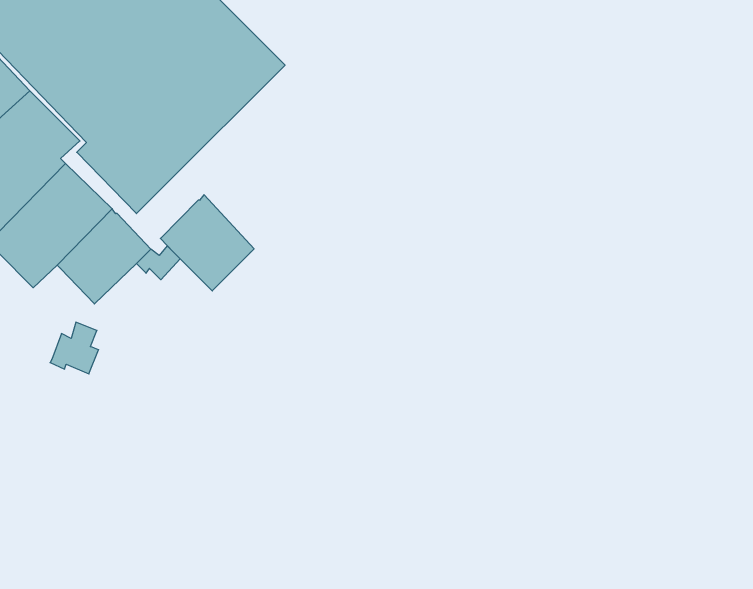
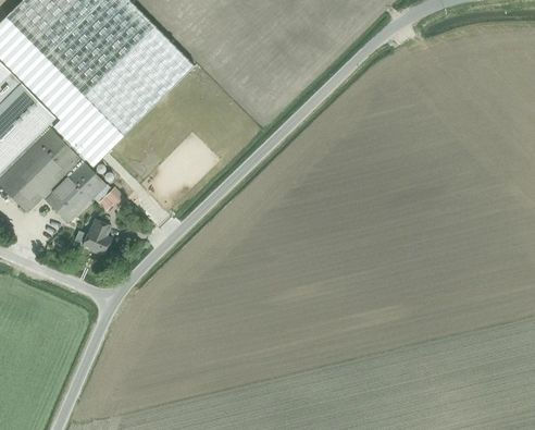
building: [160,195,254,291] -> none
building: [50,322,99,374] -> [80,220,113,255]

